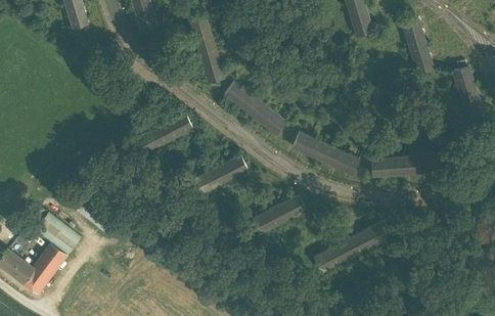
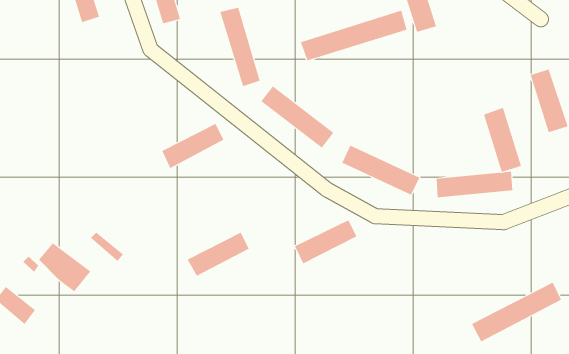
building: none -> [300,10,407,61]
building: [401,17,434,73] -> [483,107,522,172]
building: [194,154,248,192] -> [187,232,250,277]
building: [314,220,391,271] -> [471,282,562,342]
building: [25,245,66,294] -> none

